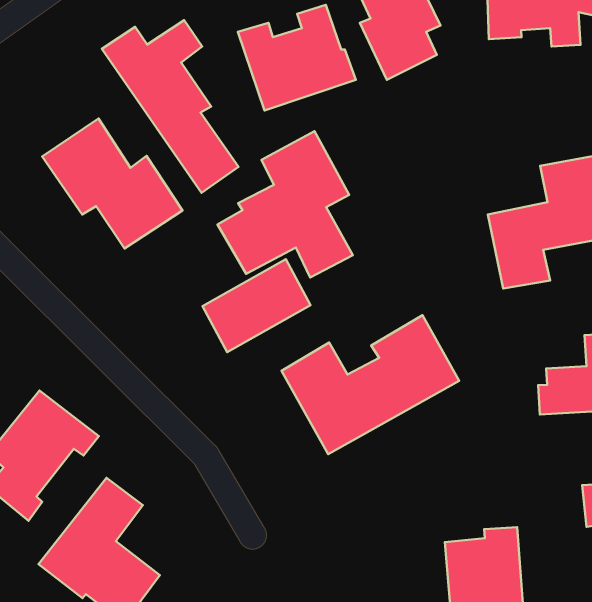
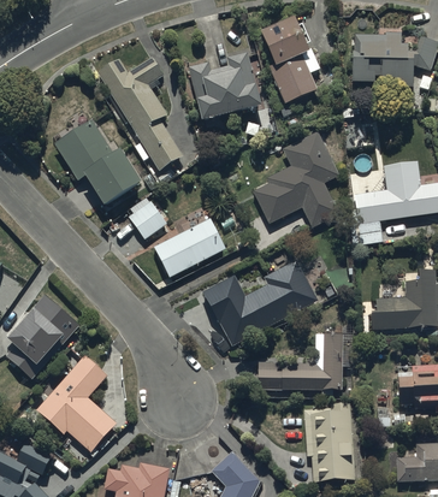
building: [218,131,353,278] -> [251,131,339,227]
building: none -> [128,199,168,239]
building: none -> [258,332,350,395]

